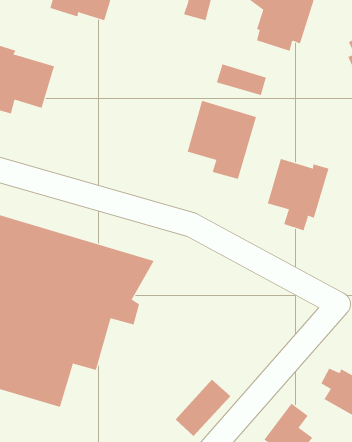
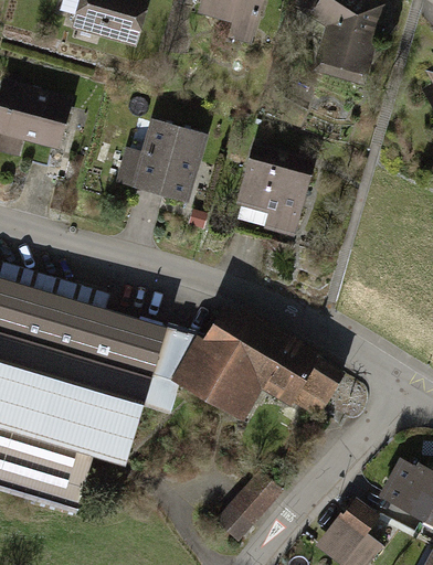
building: [216,64,266,96] -> none
building: none -> [116,117,205,204]
building: [267,158,329,231] -> none
building: none -> [166,300,348,423]

